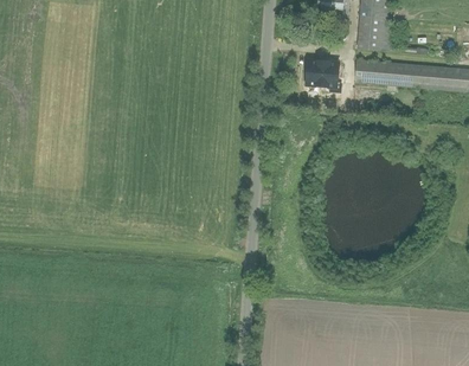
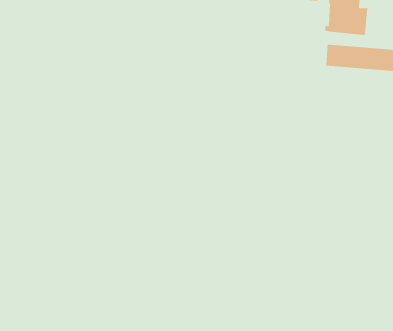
building: [302,59,332,84] -> none

